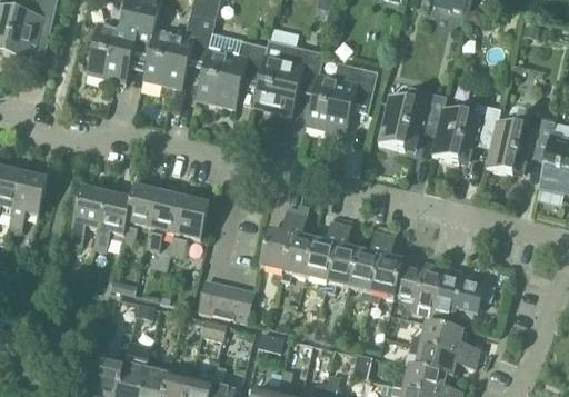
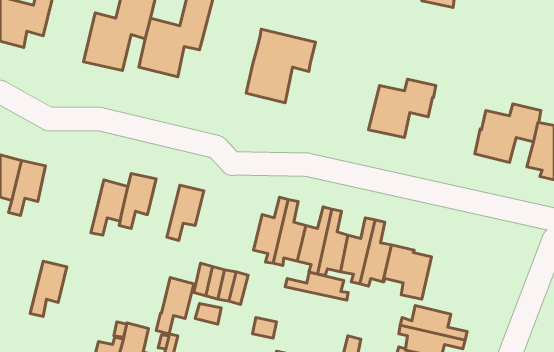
building: [196,39,267,107] -> none
building: [307,62,377,132] -> none
building: [432,101,501,162] -> none
building: [69,187,107,244] -> [30,261,67,317]
building: [146,191,184,249] -> [156,277,194,334]
building: [432,271,485,320] -> none
building: none -> [285,272,348,300]

